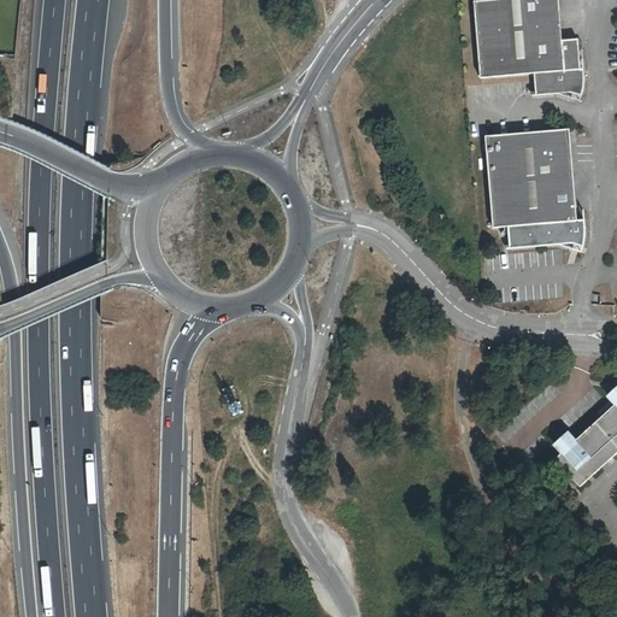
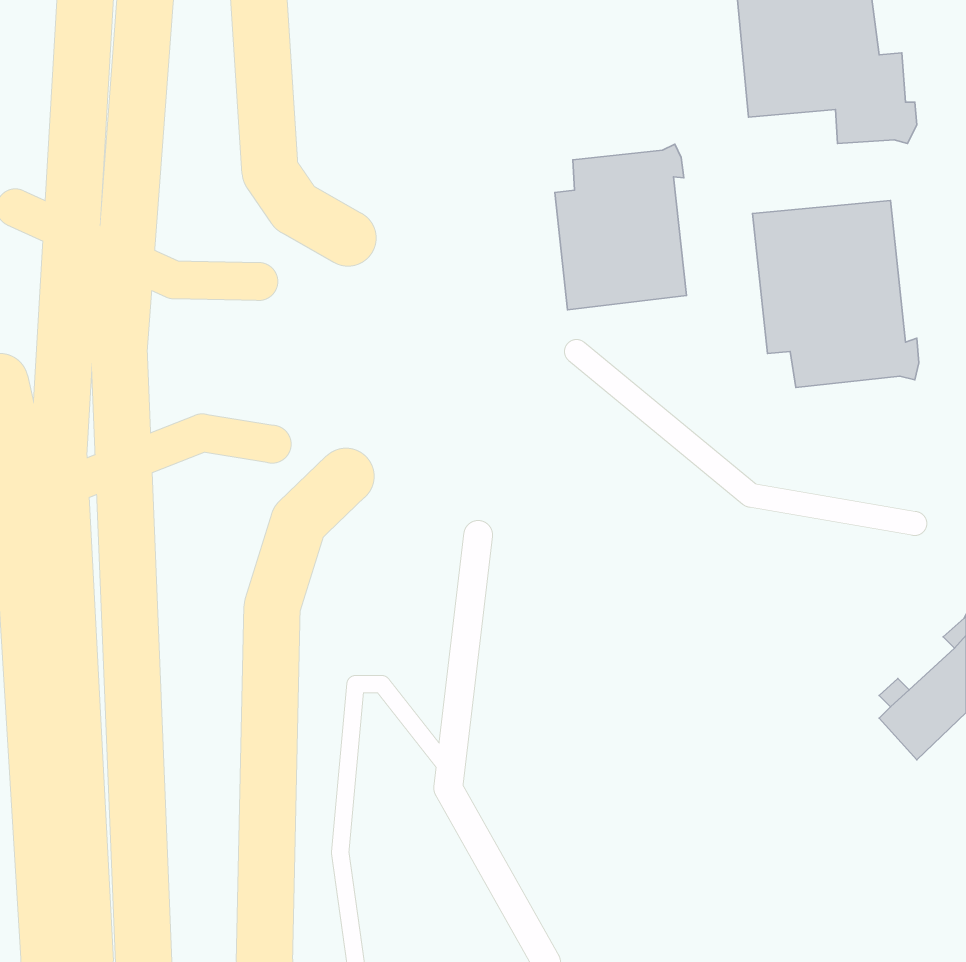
building: none -> [555,144,687,310]

